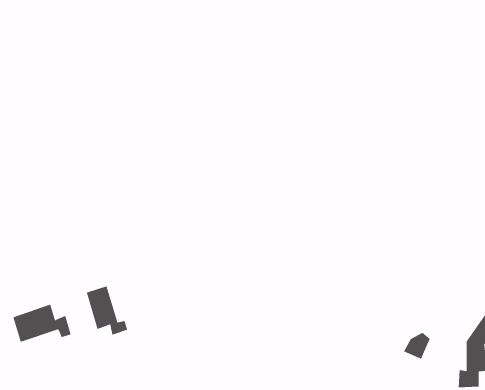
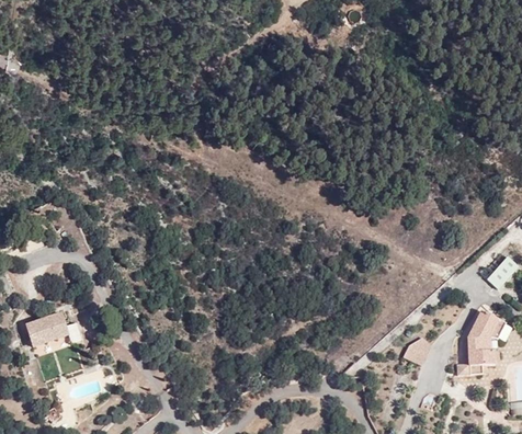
building: [86,286,128,336] -> none

